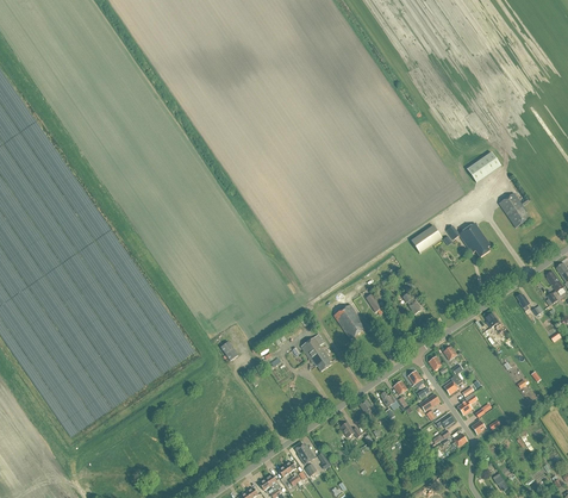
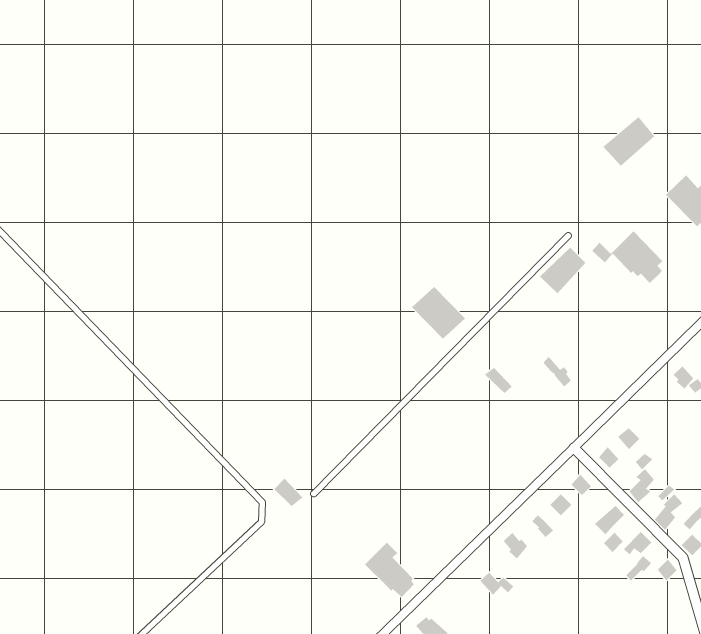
building: [333,304,367,338] -> [411,286,466,339]
building: [301,334,331,371] -> [364,542,415,598]

